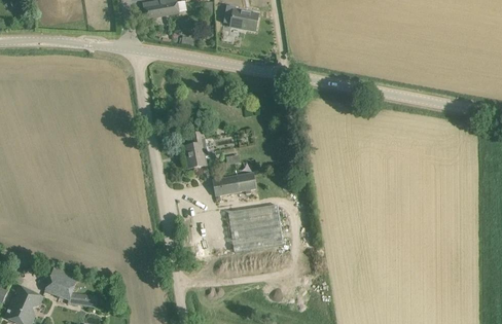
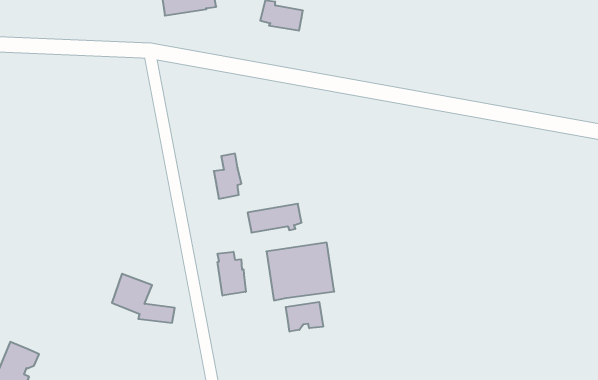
building: none -> [218,252,246,296]
building: none -> [286,302,323,332]
building: [45,266,97,307] -> [112,274,175,323]

